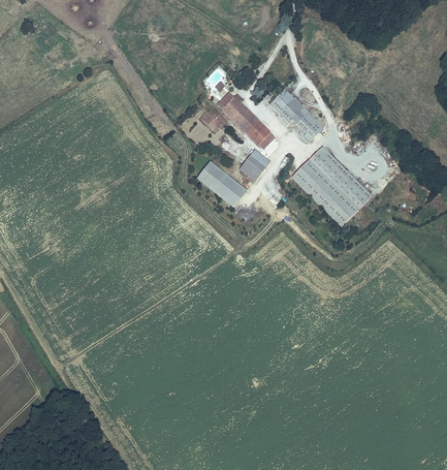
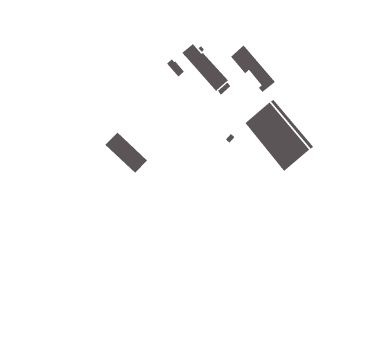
building: [238,149,269,181] -> none
building: [196,160,246,206] -> [105,132,148,173]

